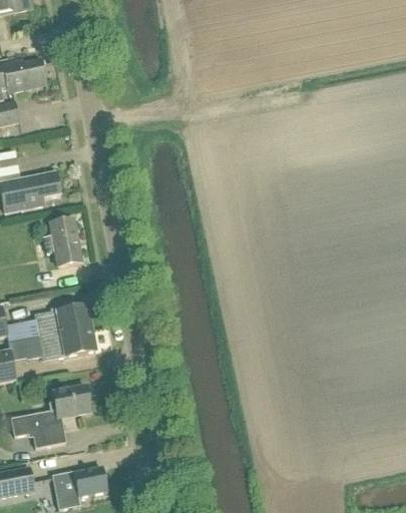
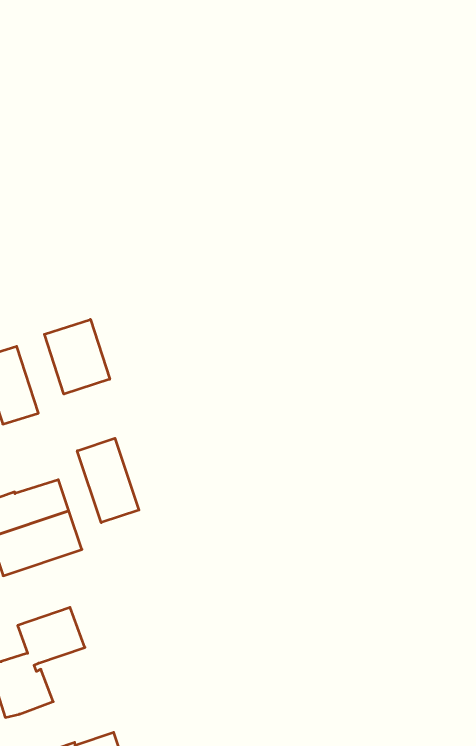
building: none -> [44,319,110,394]
building: none -> [77,438,139,523]

